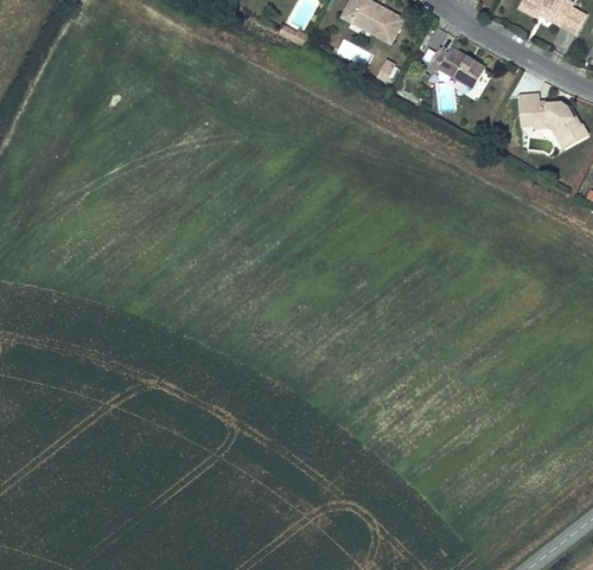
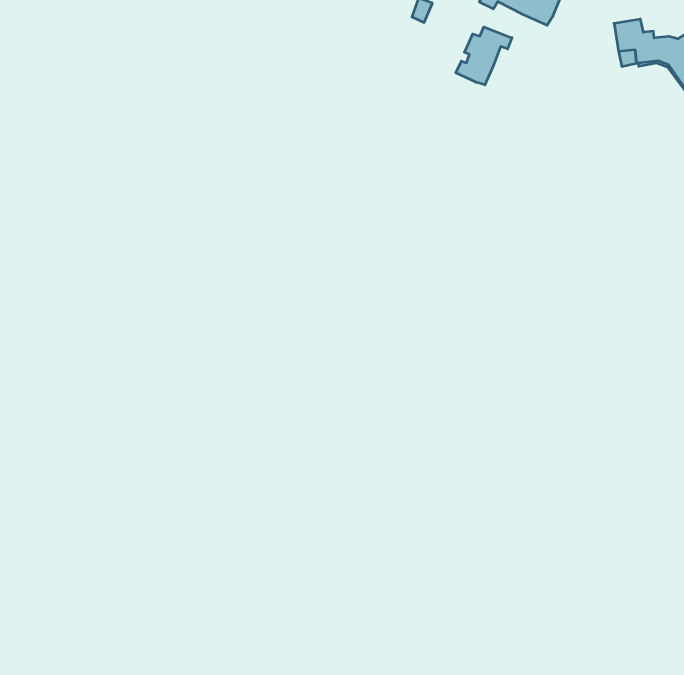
building: none -> [456,27,512,85]

